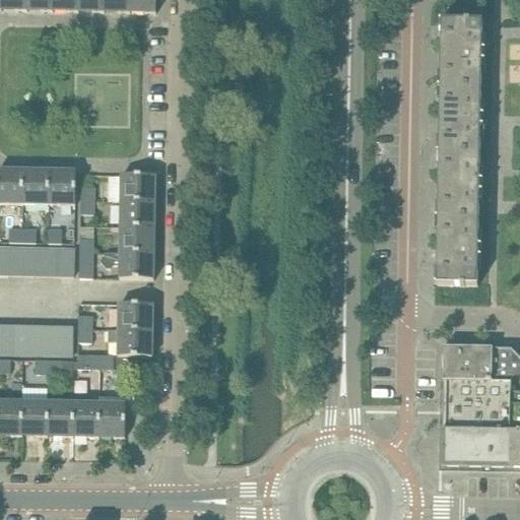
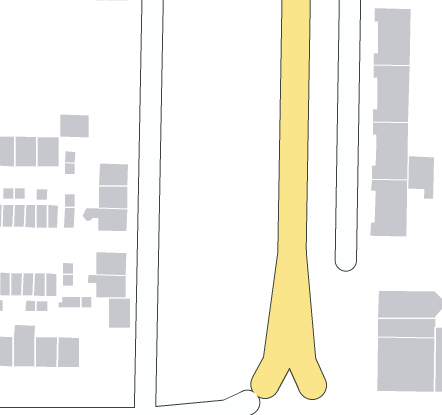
building: [121,172,155,199] -> [60,114,89,138]
building: none -> [408,155,435,200]
building: [99,400,125,435] -> [108,298,131,328]

